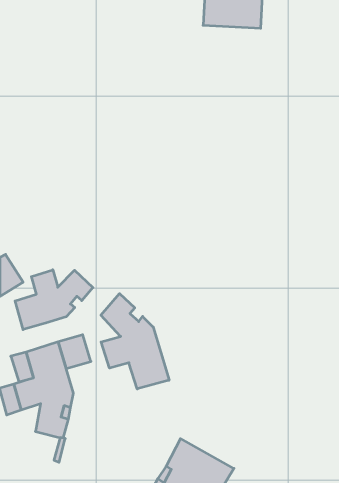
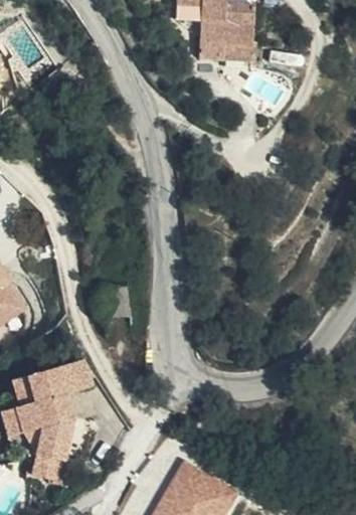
building: [15,270,93,330] -> none
building: [101,294,169,389] -> none

